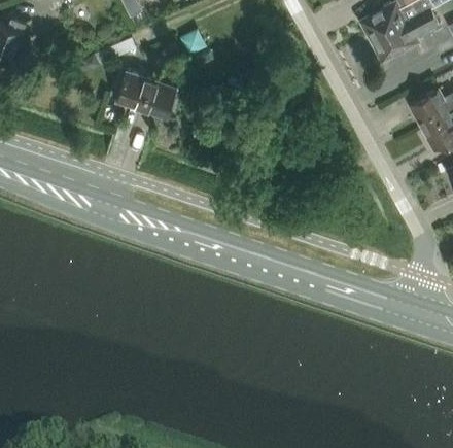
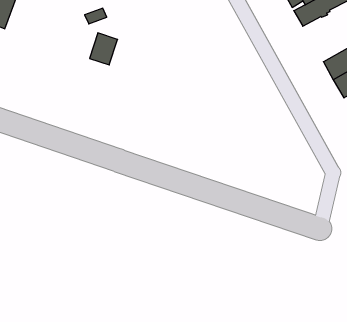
building: [141,77,177,118] -> none

